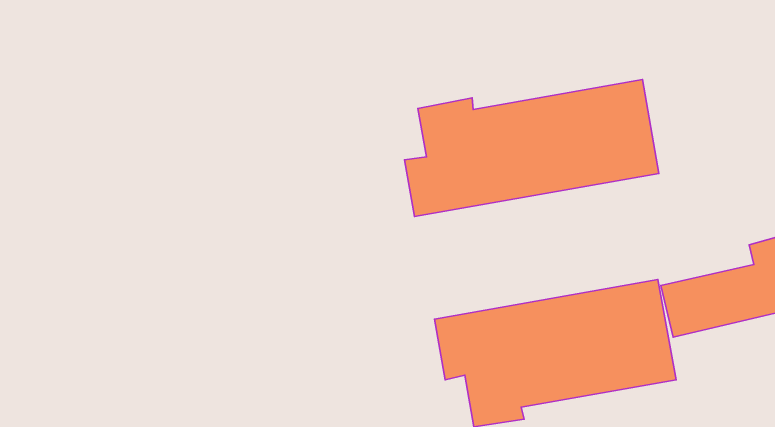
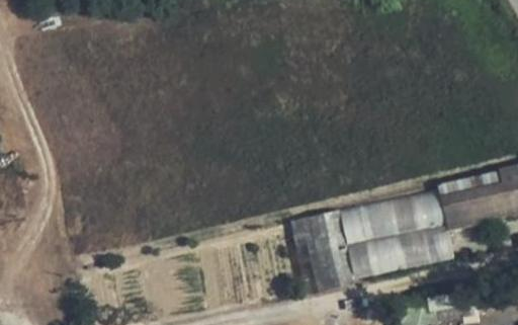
building: [404,80,659,217] -> none

